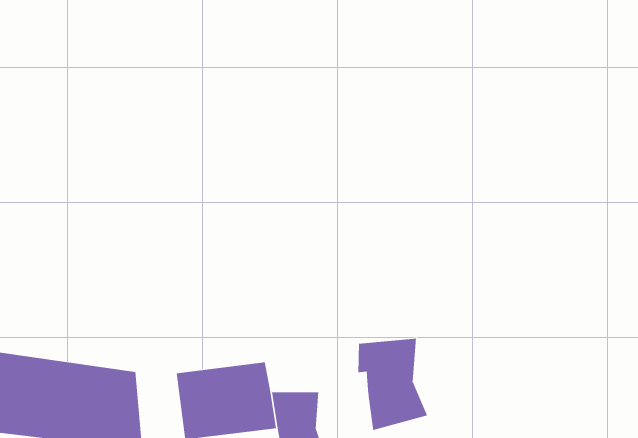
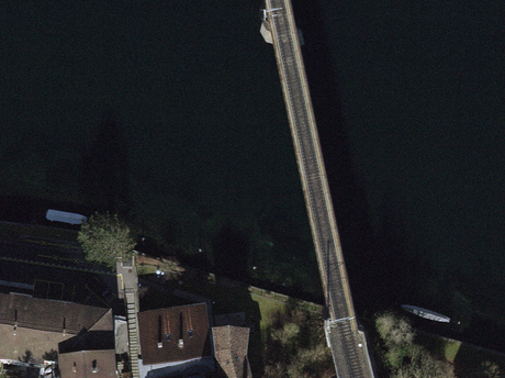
building: [358,338,428,431] -> none

